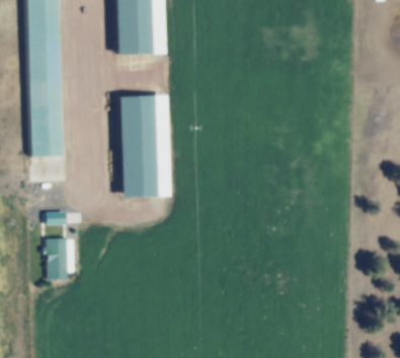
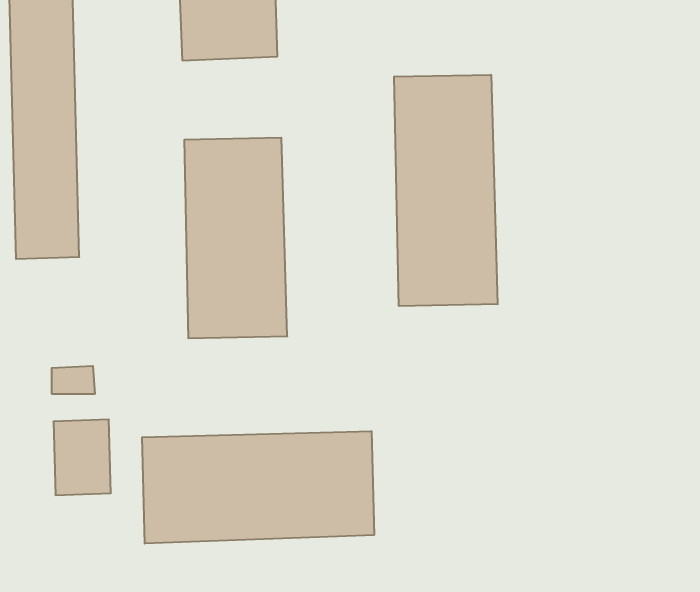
building: none -> [394,75,498,306]
building: none -> [142,431,374,544]

